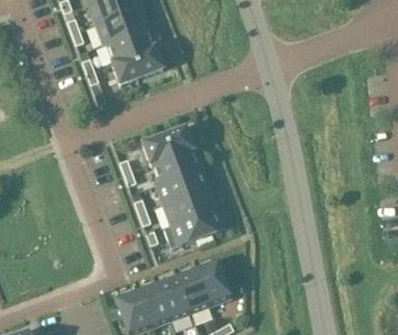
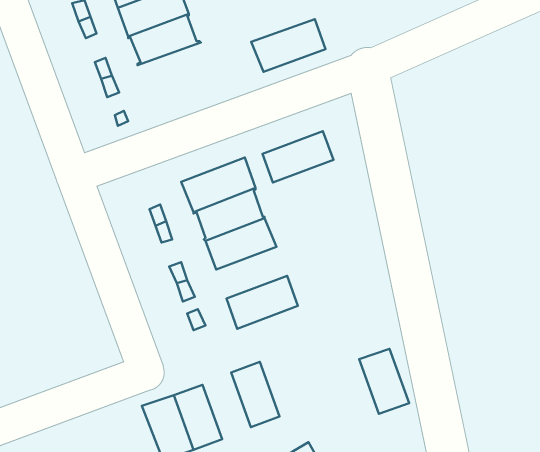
building: [111,47,162,83] -> [251,19,325,72]
building: [165,187,214,223] -> [262,131,333,183]
building: [195,259,230,304] -> [359,349,409,414]
building: [156,274,189,319] -> none

